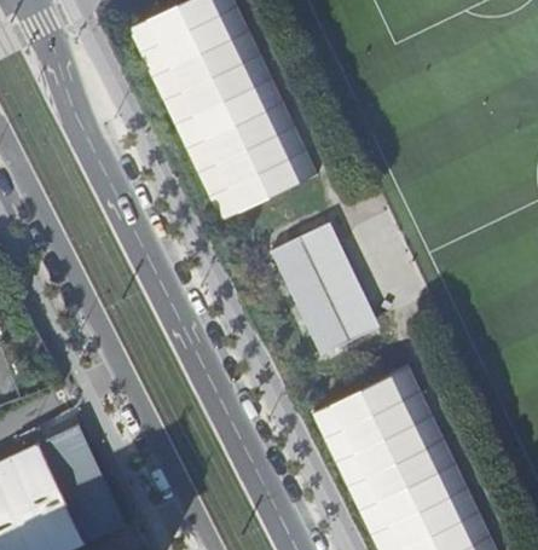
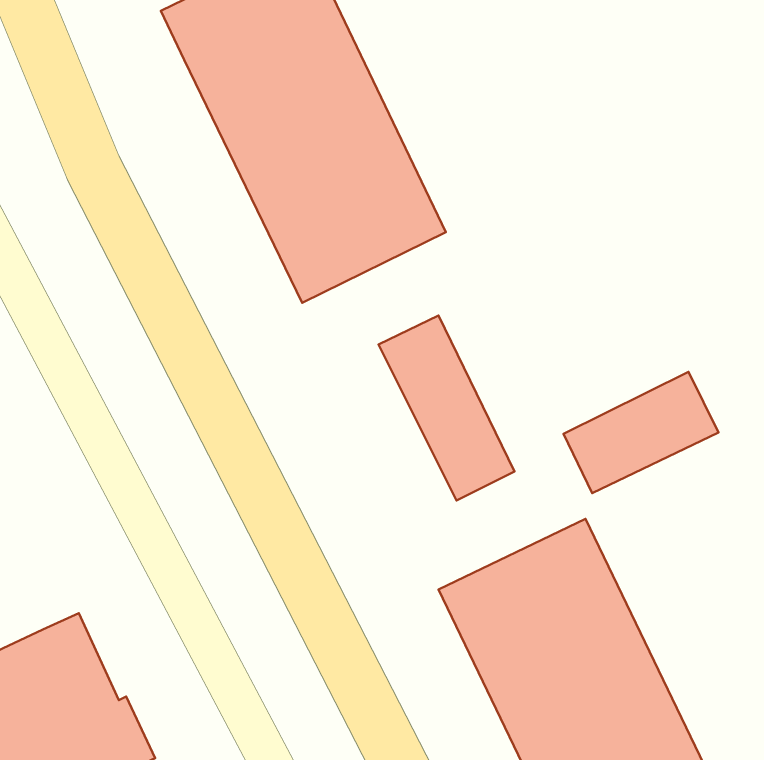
building: none -> [563,372,718,493]

